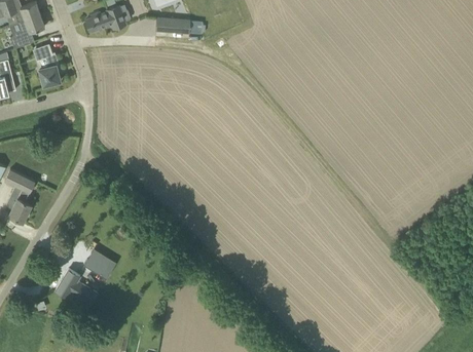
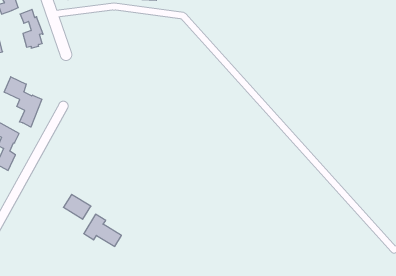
building: none -> [4,77,42,127]
building: [54,269,97,305] -> [84,214,121,246]

